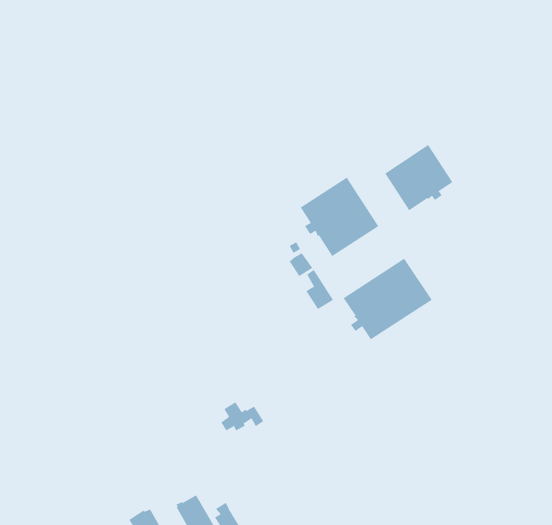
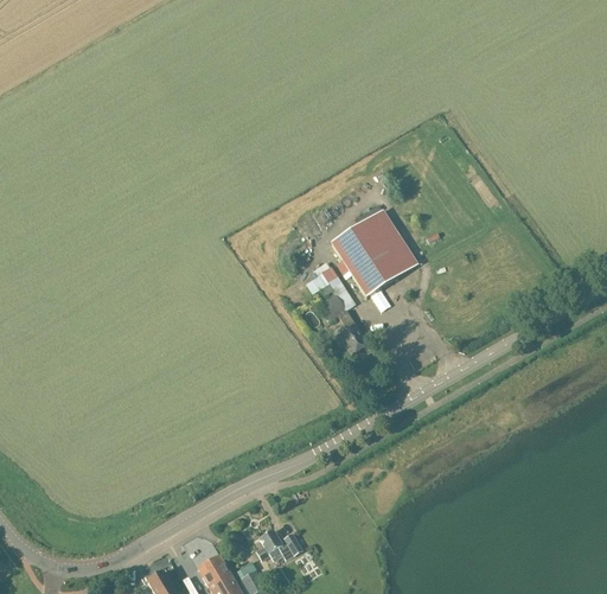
building: [384,144,453,211] -> none
building: [343,258,432,340] -> none
building: [220,401,264,431] -> [255,528,302,560]

